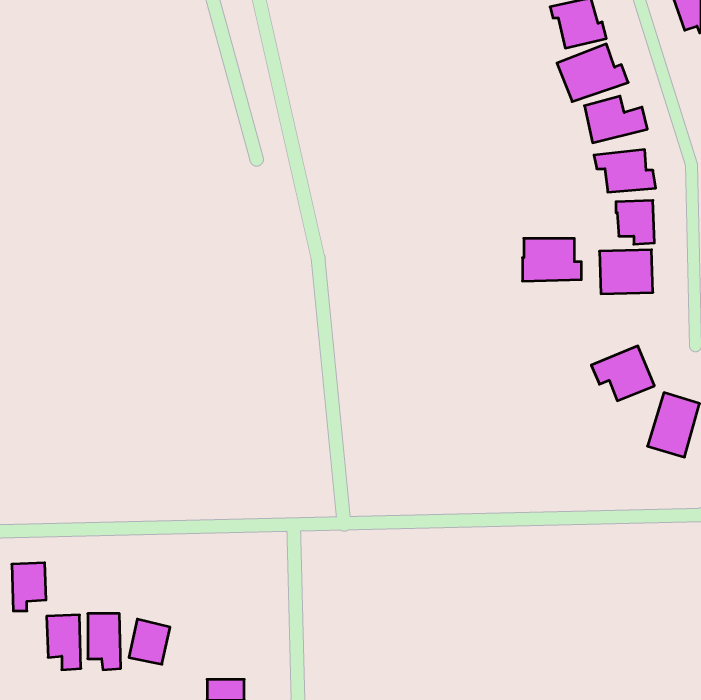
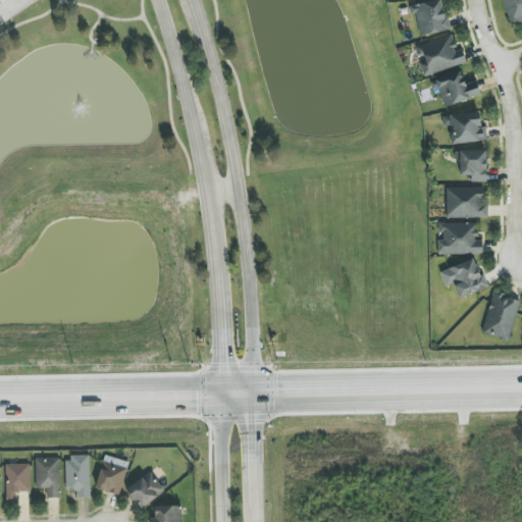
building: [522,238,581,281] -> [437,222,481,254]
building: [12,563,46,611] -> [5,463,31,499]
building: none -> [125,470,164,509]

